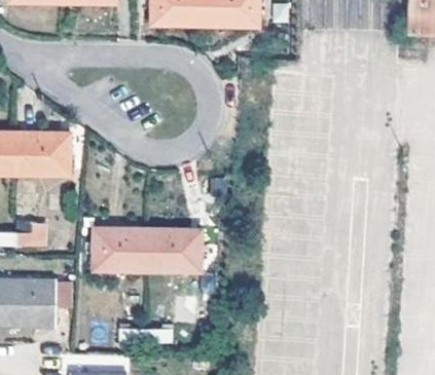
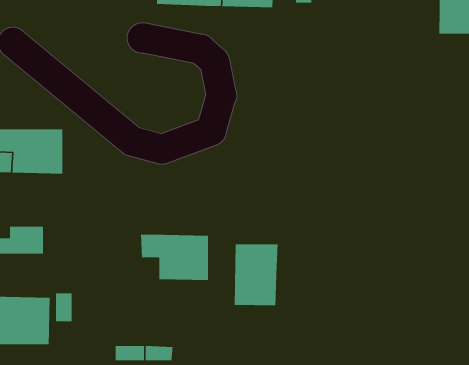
building: [93,227,153,269] -> none
building: none -> [234,243,278,306]

